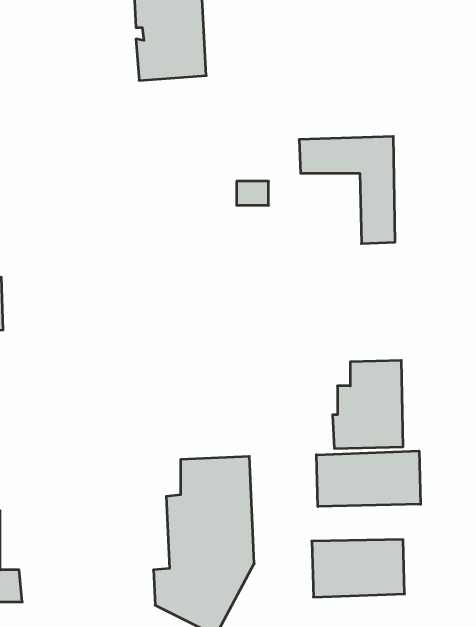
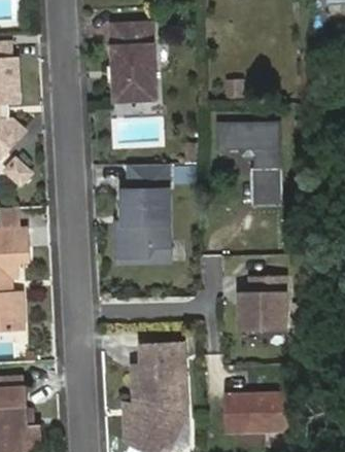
building: none -> [115,165,169,257]
building: [316,451,421,507] -> none

